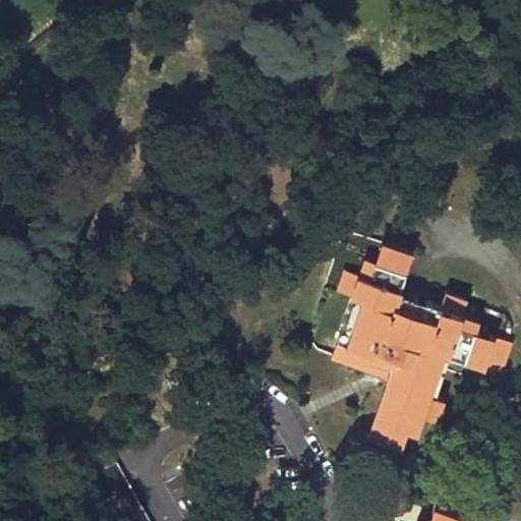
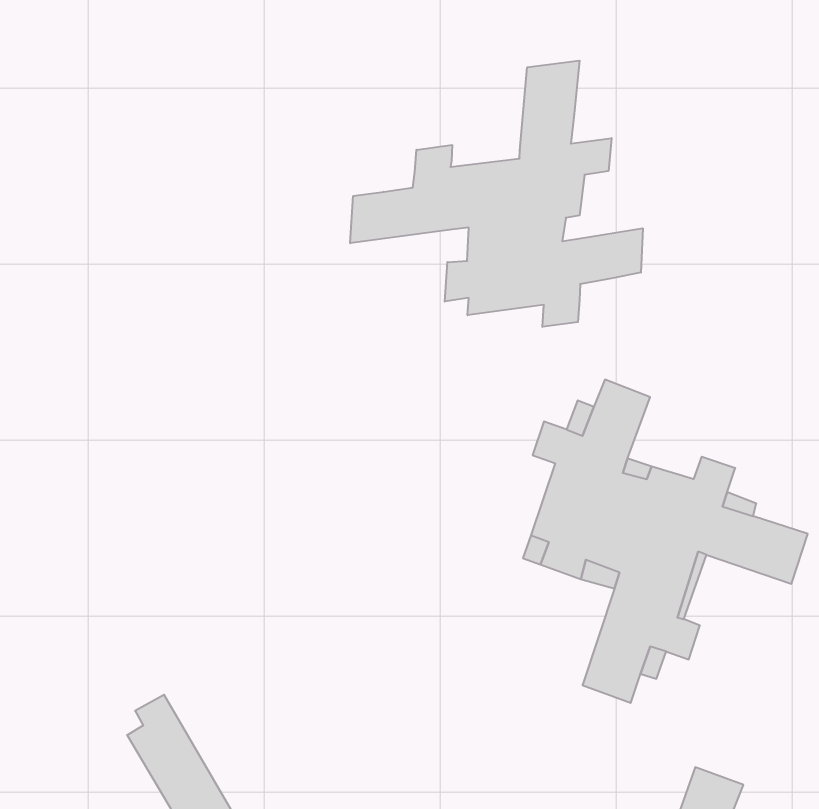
building: none -> [350,61,643,327]

